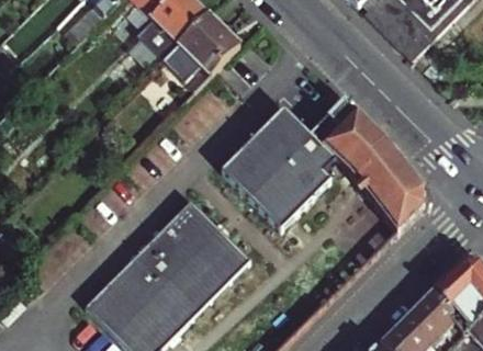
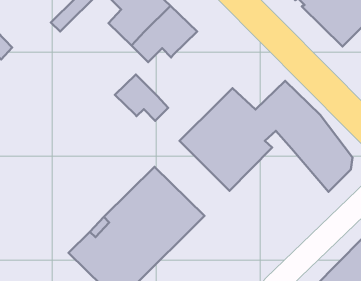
building: none -> [115,75,168,121]

